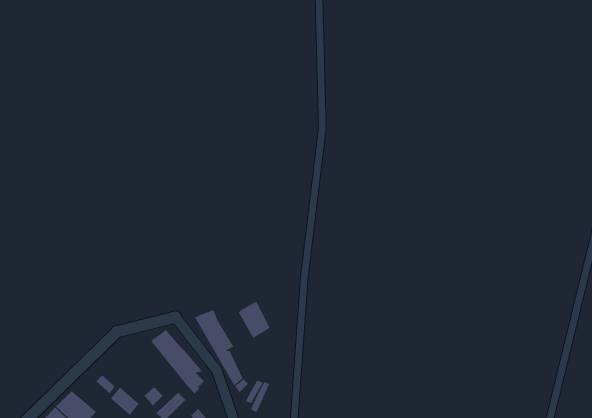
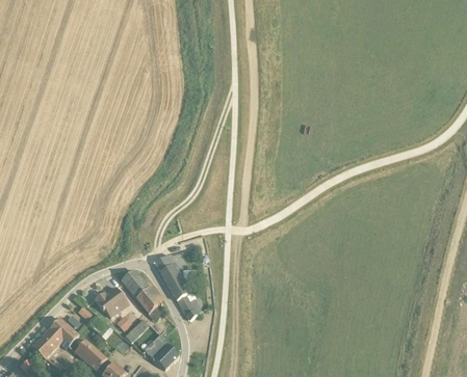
building: [238,301,270,339] -> none
building: none -> [93,287,128,318]

